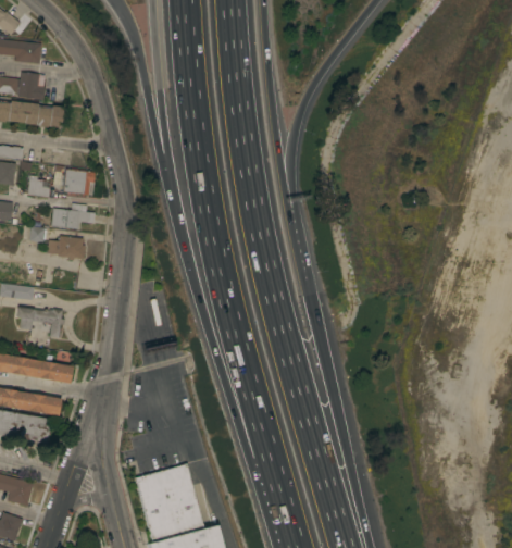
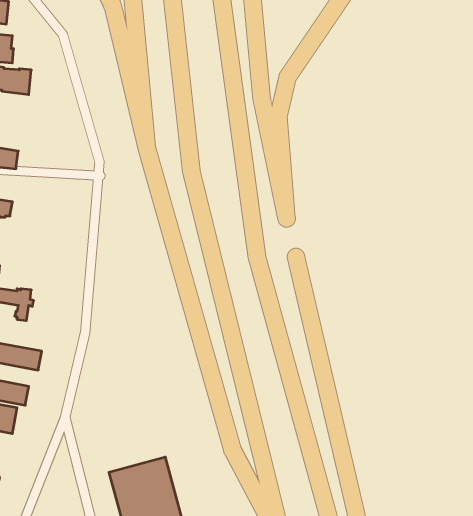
building: [63,169,93,196] -> none
building: [50,203,95,229] -> none
building: [46,235,84,259] -> none

